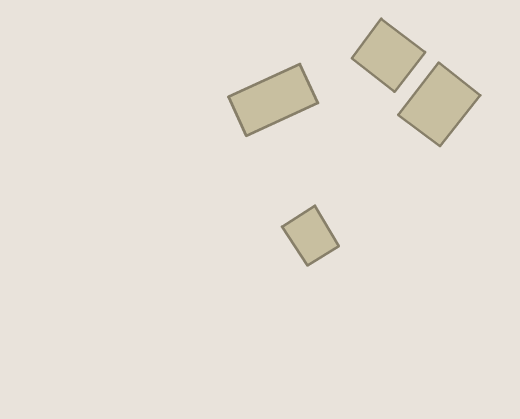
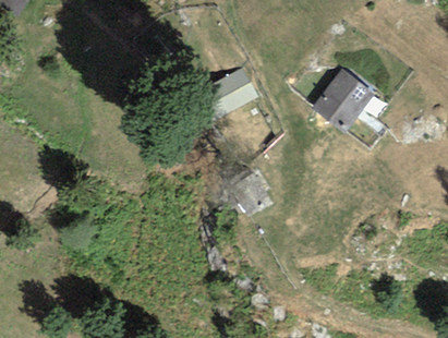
building: [352,19,425,92] -> none

